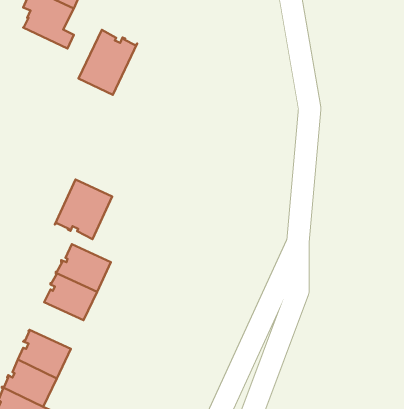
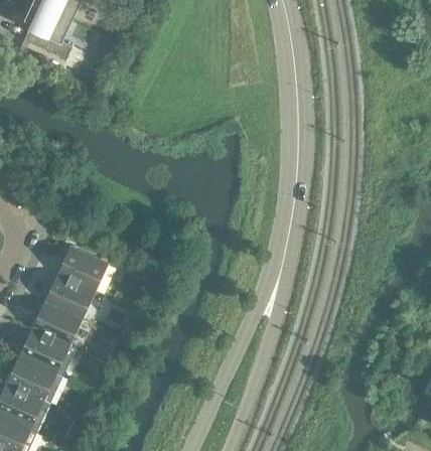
building: [79,30,137,95] -> none
building: [55,179,112,239] -> none
building: none -> [30,302,82,346]

